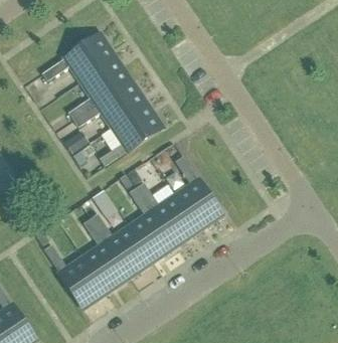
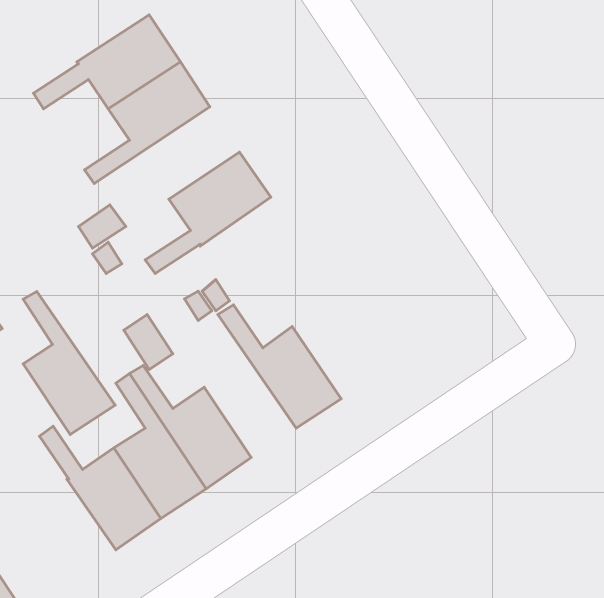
building: [72,80,147,128] -> none
building: [174,155,223,230] -> none
building: [129,187,176,261] -> [23,291,115,434]

